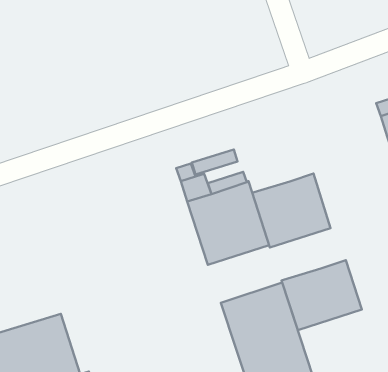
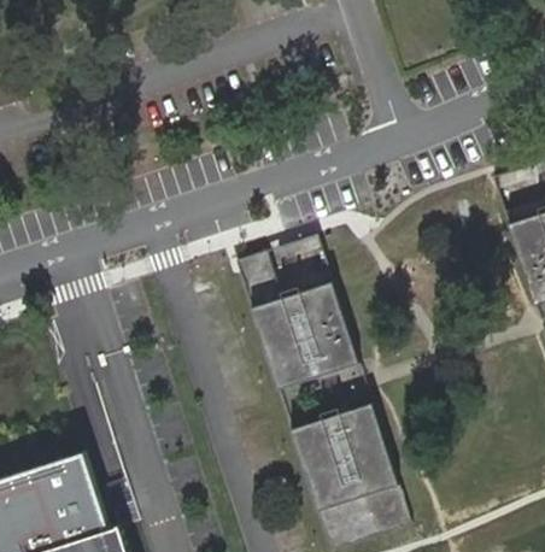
building: [252,174,331,248] -> none
building: [281,260,362,330] -> none

